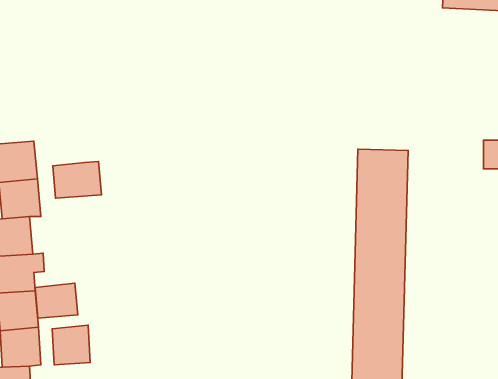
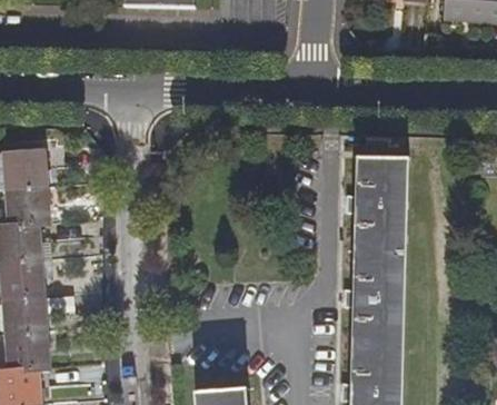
building: [53,162,101,198] -> none
building: [35,283,78,318] -> none
building: [52,325,90,365] -> none

